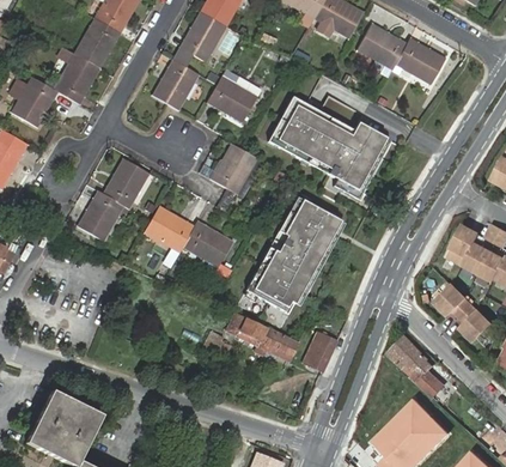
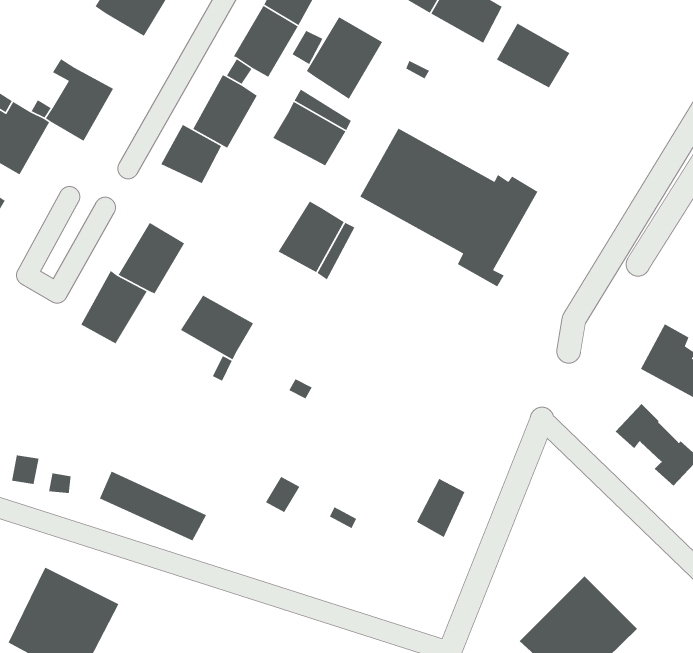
building: [73,18,120,68] -> none
building: none -> [306,16,383,100]
building: [395,38,444,84] -> none
building: none -> [160,124,222,184]
building: [245,198,340,314] -> none
building: [182,220,231,266] -> none
building: [225,311,298,359] -> [99,470,207,542]
building: [386,335,451,406] -> none

